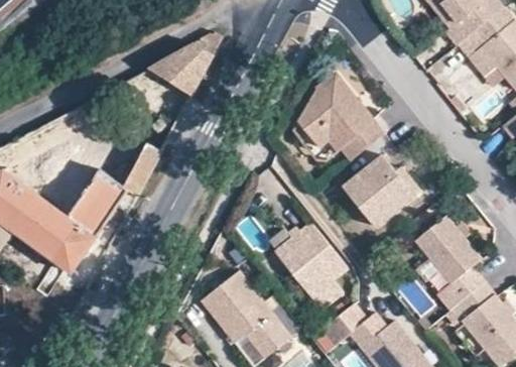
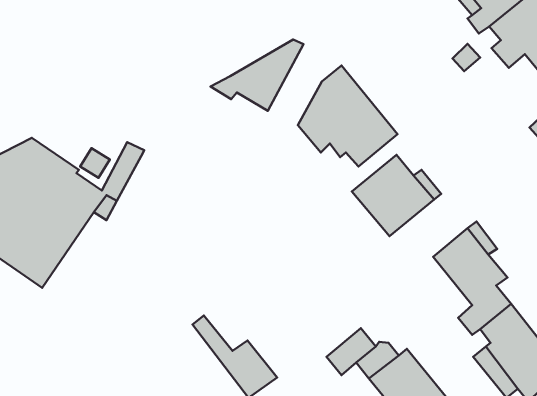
building: [142,29,224,92] -> [211,40,303,111]
building: [274,224,347,311] -> none
building: [215,273,292,350] -> none

